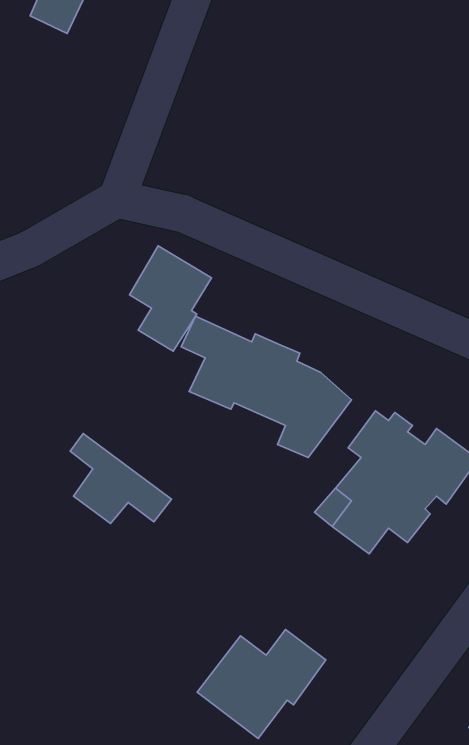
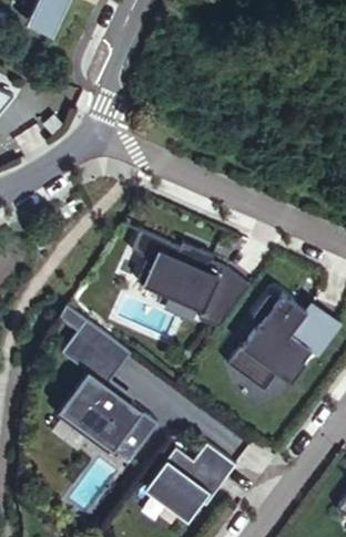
building: [129,246,211,351] -> none
building: none -> [55,371,155,463]

